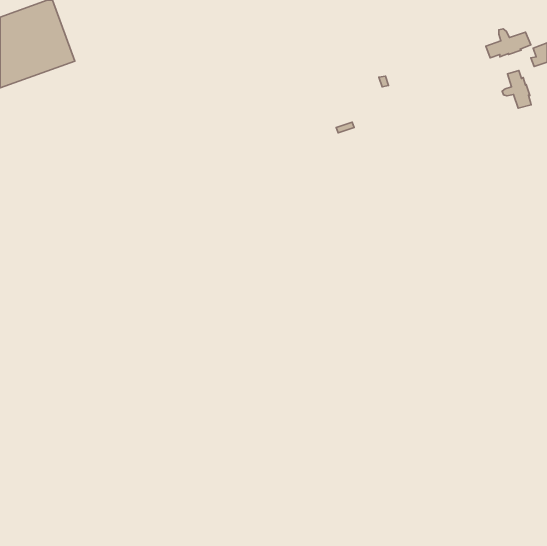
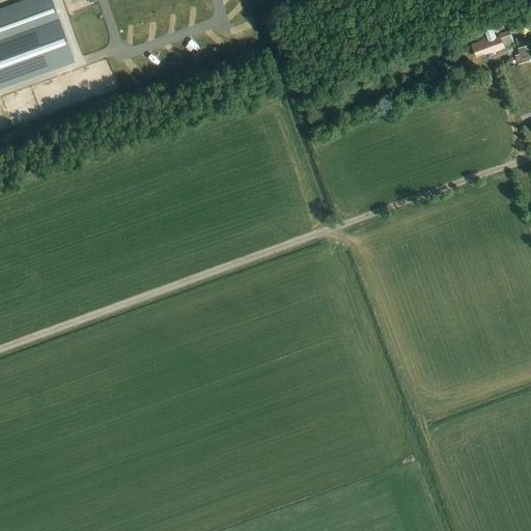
building: [502,70,531,108] -> none

